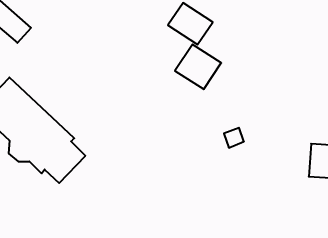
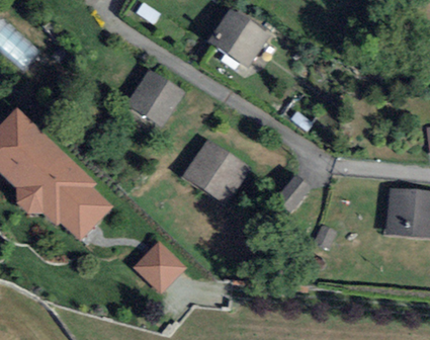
building: [175,44,221,89] -> [188,145,247,201]
building: none -> [132,73,183,124]
building: none -> [134,235,188,289]

